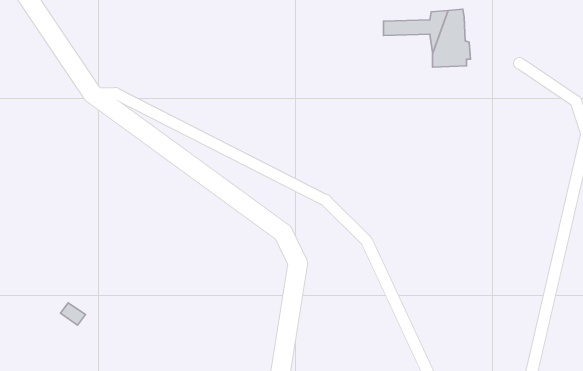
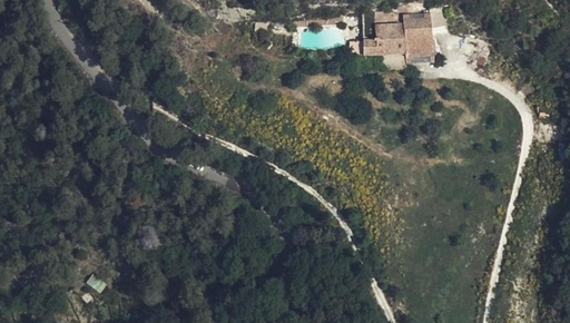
building: none -> [362,32,403,49]

